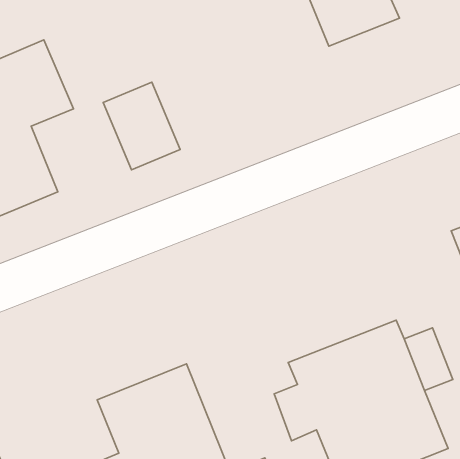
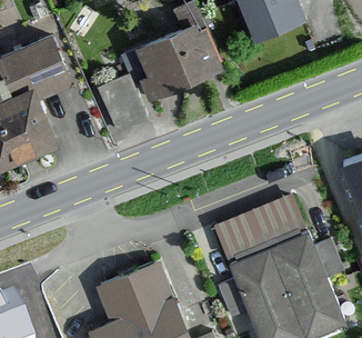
building: none -> [139,20,223,95]
building: none -> [217,196,303,257]

